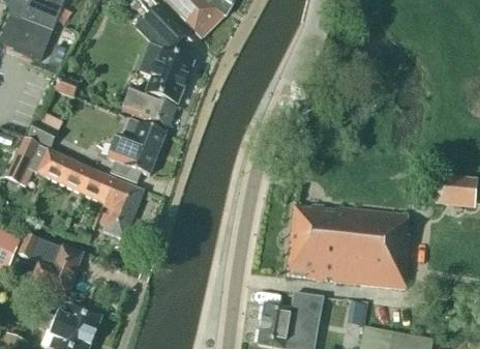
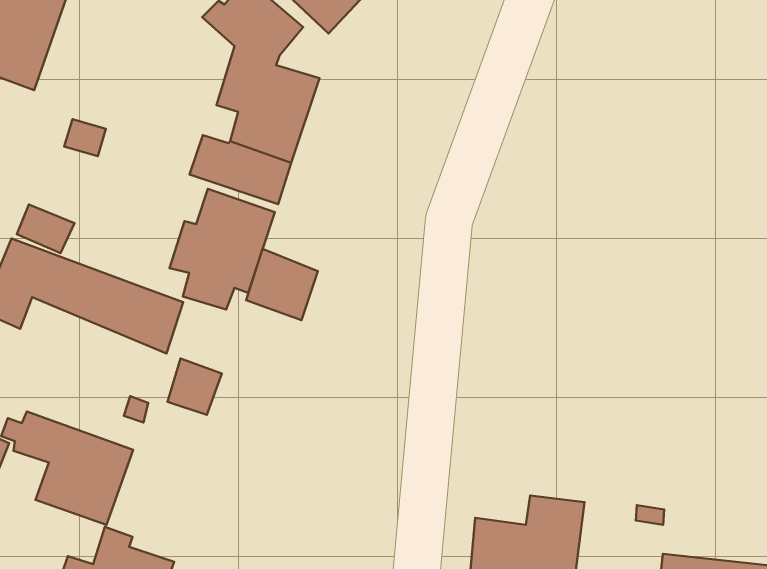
building: [103,177,143,216] -> [246,249,318,320]
building: [287,202,409,288] -> none

